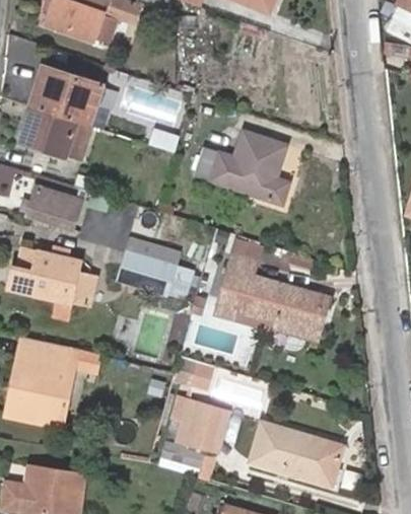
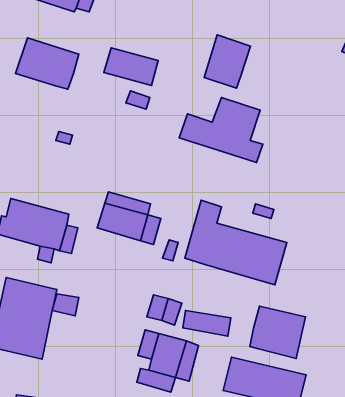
building: none -> [204,35,250,88]
building: [17,111,90,163] -> none
building: [30,186,86,231] -> none
building: none -> [250,306,305,359]

